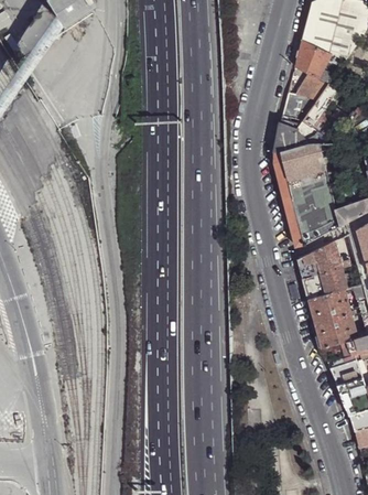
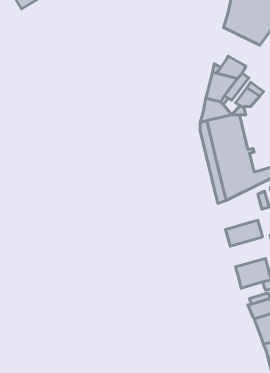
building: [293,39,343,84] -> none
building: [296,240,348,278] -> none
building: [307,288,349,322] -> none

